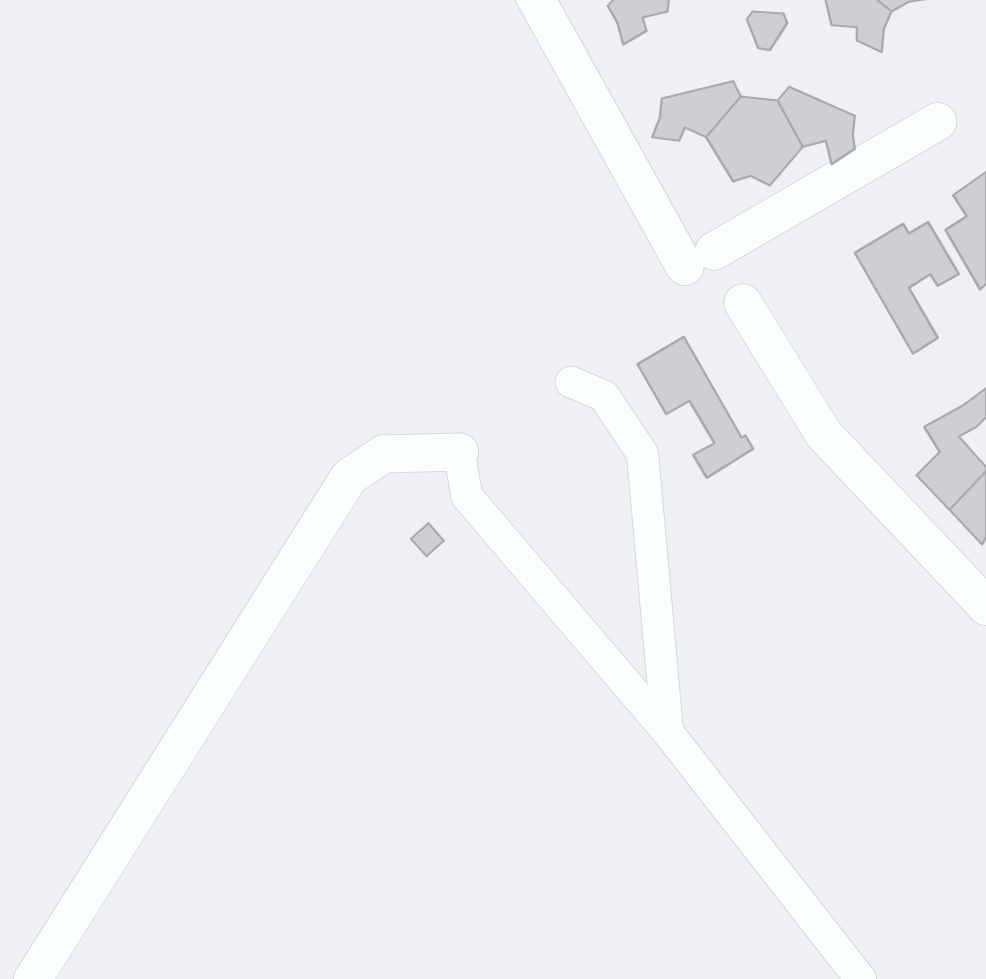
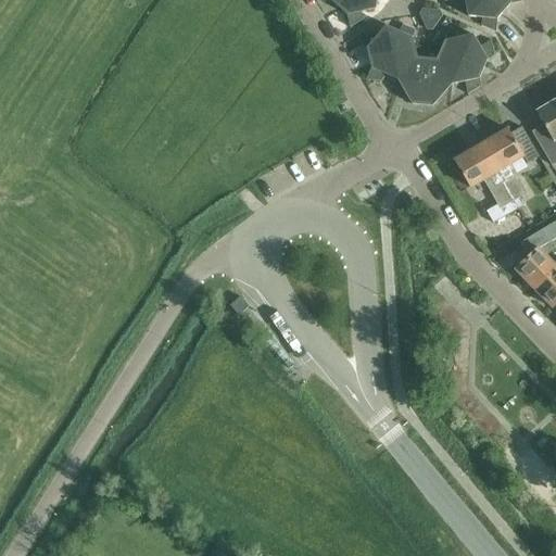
building: none -> [357,24,414,55]
building: none -> [444,31,495,65]
building: [637,337,753,478] -> [455,142,520,222]

